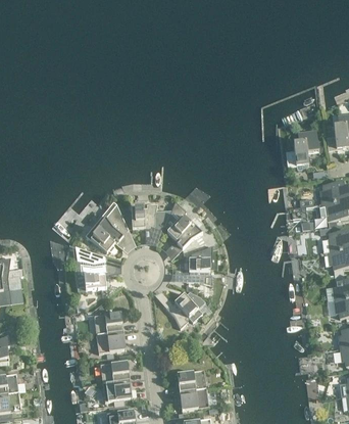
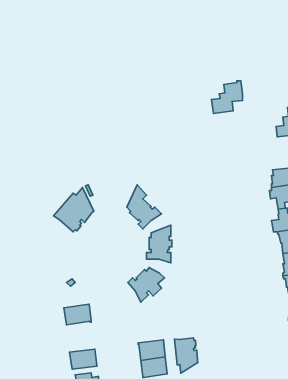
building: [285,131,318,167] -> [212,81,243,114]
building: [131,204,171,231] -> none
building: [69,246,107,290] -> none
building: [94,313,123,335] -> none
building: [100,361,130,383] -> none
building: none -> [174,338,198,373]

